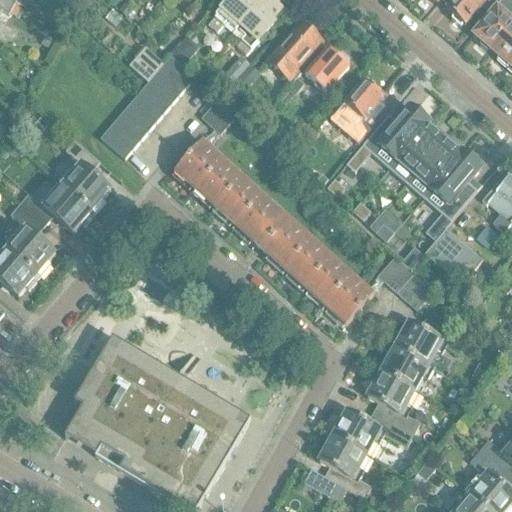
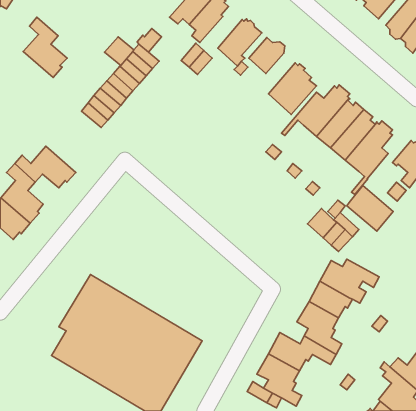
building: [175,96,373,324] -> none
building: [57,137,111,211] -> [23,17,67,78]

